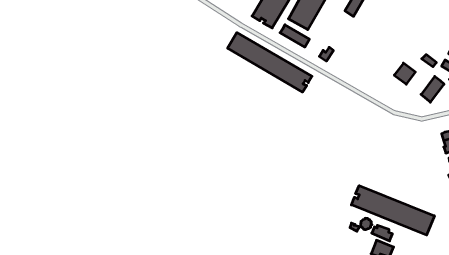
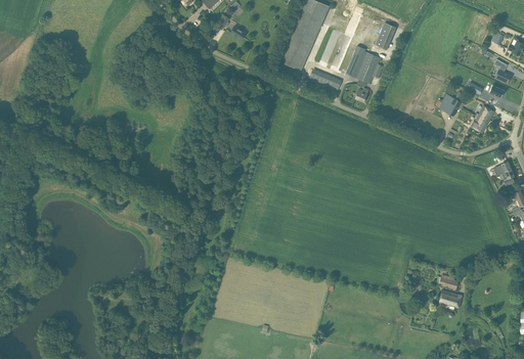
building: none -> [346,46,383,84]
building: [228,33,312,92] -> none
building: [351,186,434,235] -> none

